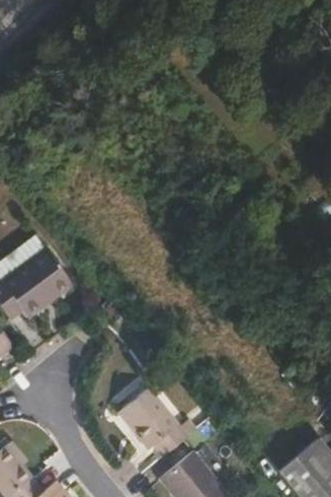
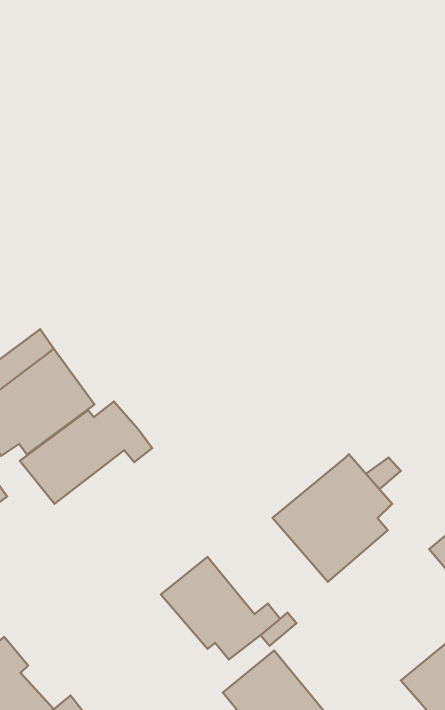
building: none -> [20,402,152,504]
building: none -> [273,454,392,582]

